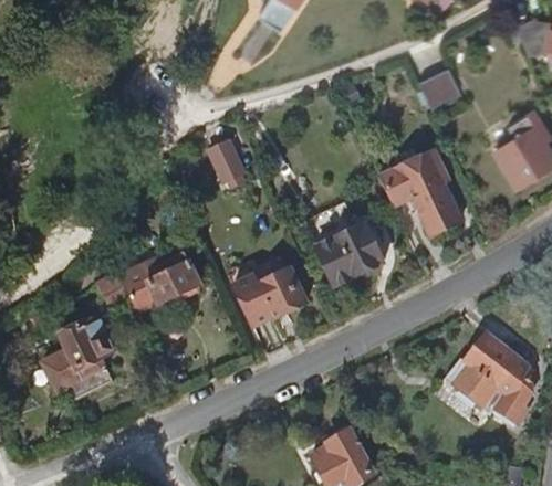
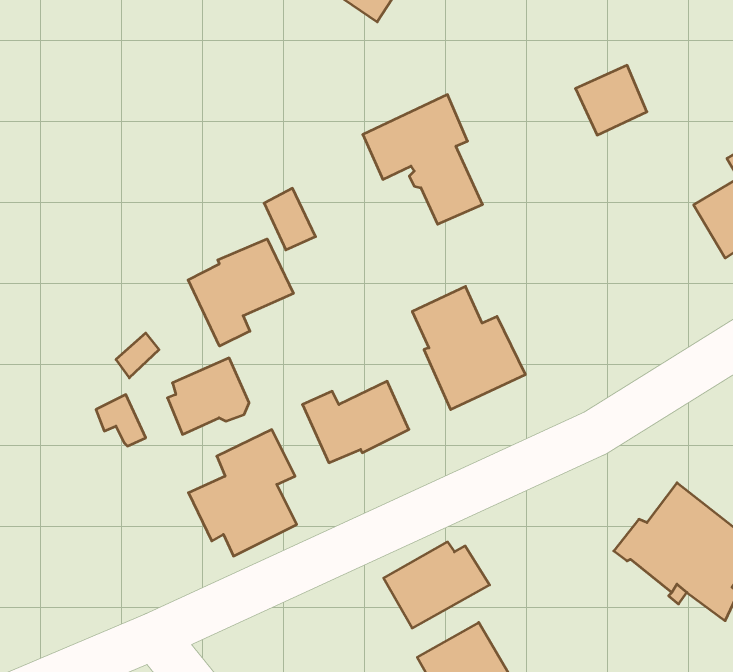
building: [379,150,459,236] -> [363,95,483,224]
building: none -> [188,239,293,346]
building: [41,319,113,403] -> [188,430,297,556]
building: none -> [384,542,490,628]

